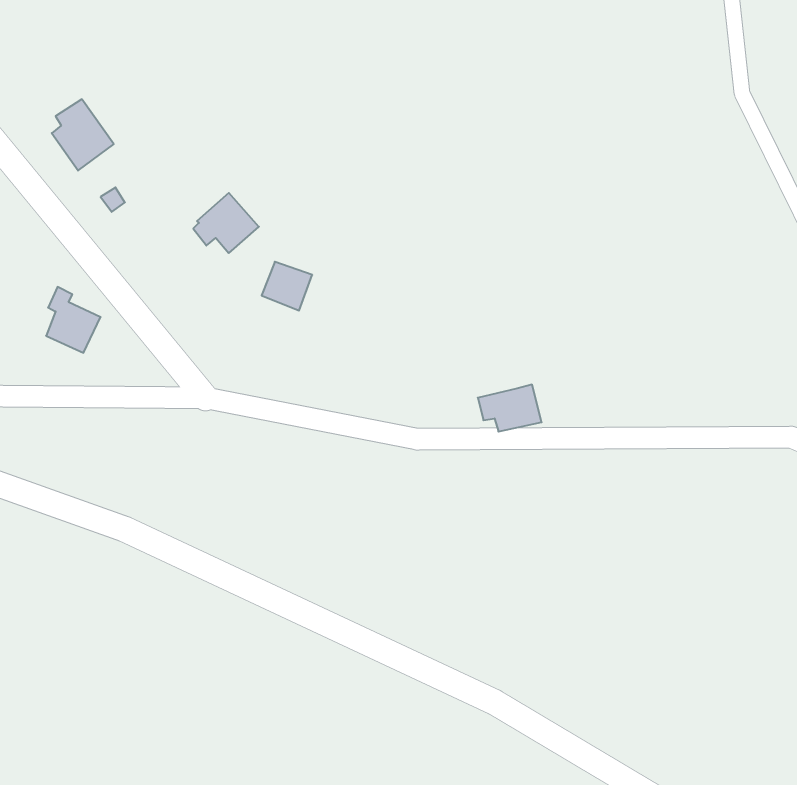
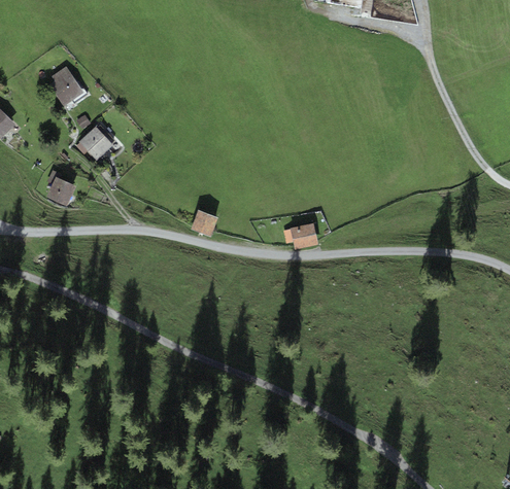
building: [193,193,259,253] -> [76,127,112,160]
building: [262,262,312,311] -> [191,210,218,237]

